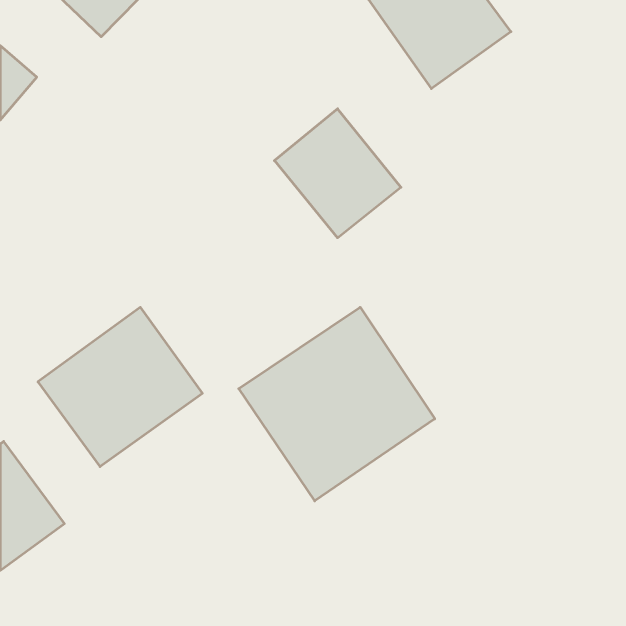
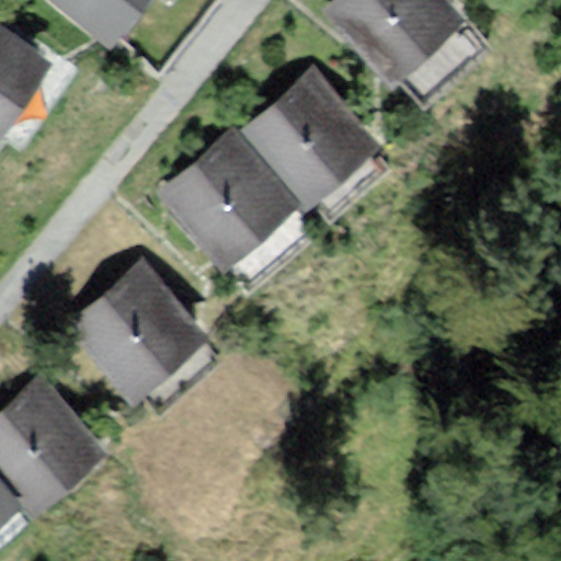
building: none -> [169,153,296,288]
building: [239,307,435,501] -> none

